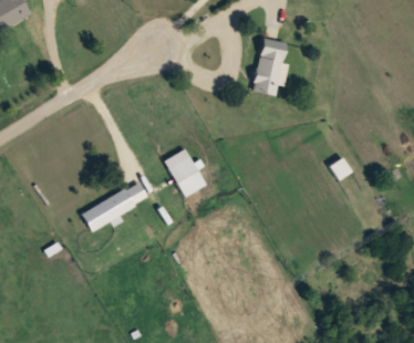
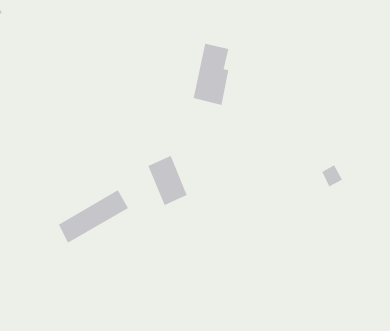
building: [251,38,286,96] -> [193,43,229,105]

